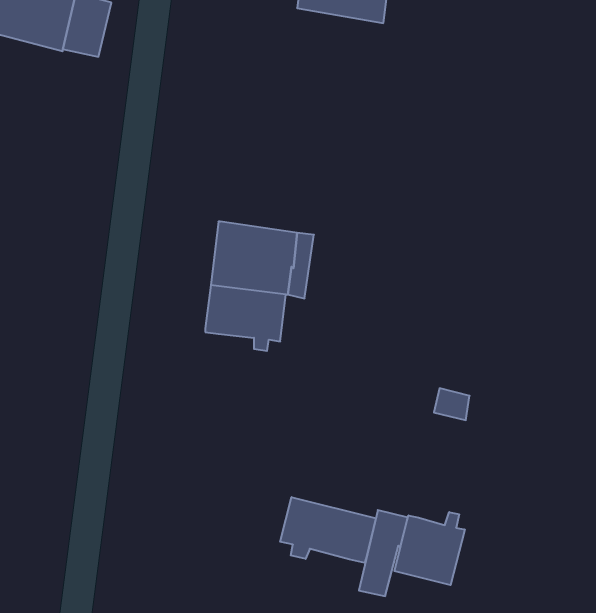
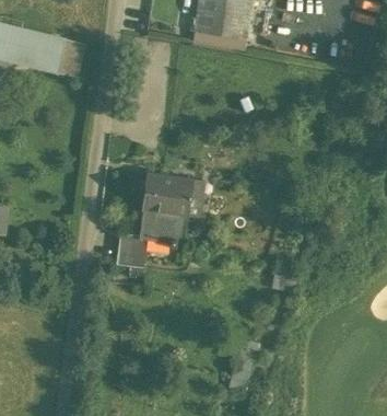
building: none -> [116,232,146,267]
building: [280,497,376,563] -> none
building: [394,512,465,585] -> none

